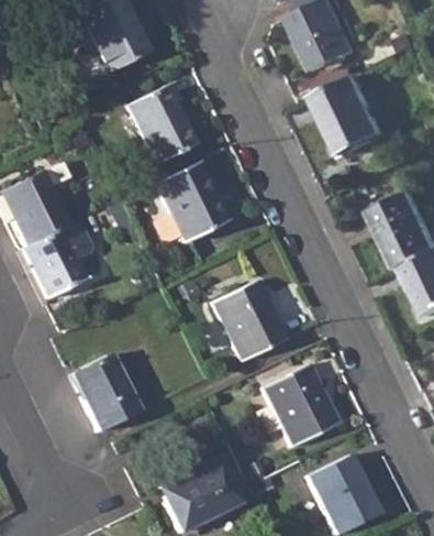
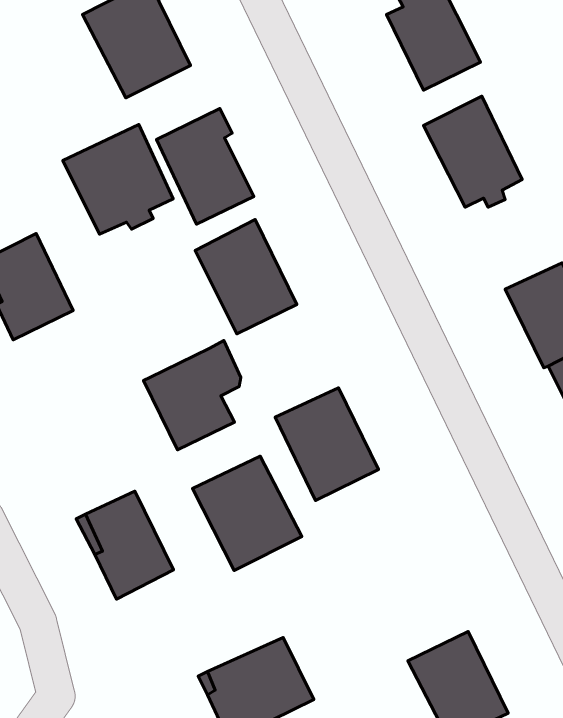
building: none -> [63,124,173,234]
building: [19,221,88,299] -> [144,340,241,450]
building: [259,365,337,447] -> [192,456,302,570]

